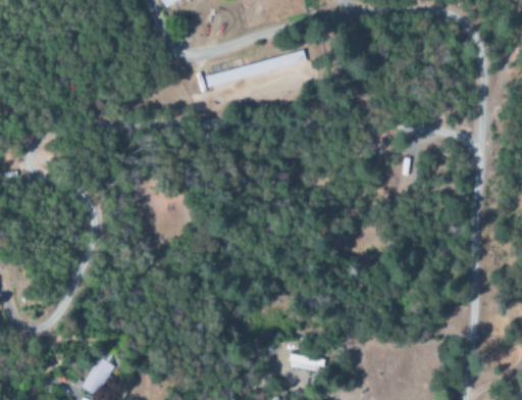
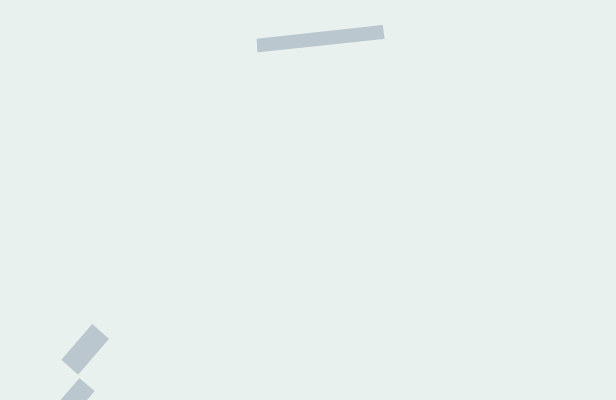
building: none -> [61,323,110,376]

